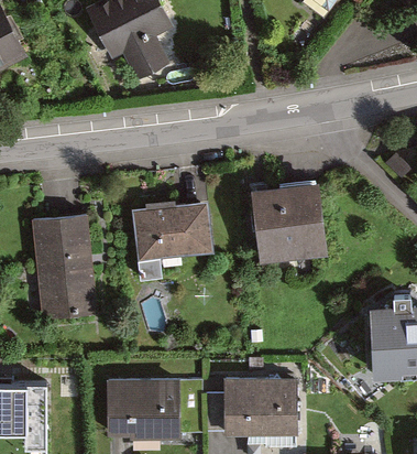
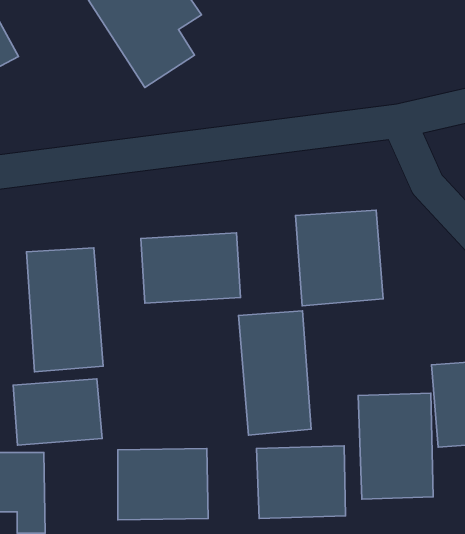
building: none -> [238,311,311,435]
building: none -> [13,379,102,445]
building: none -> [358,393,433,499]

